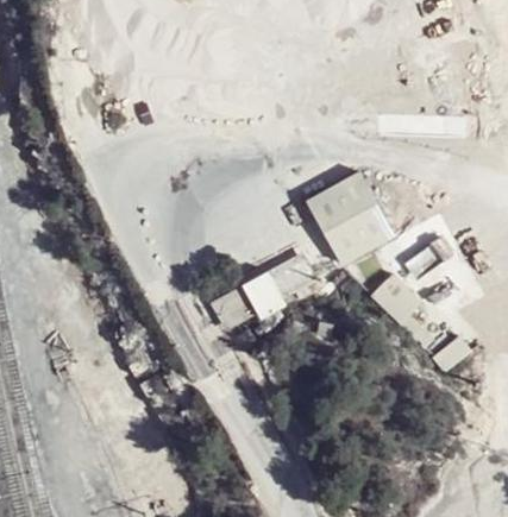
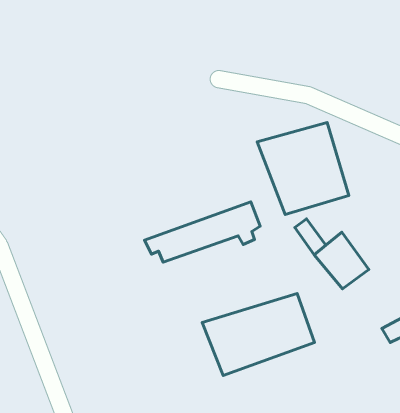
building: none -> [202,293,315,375]

